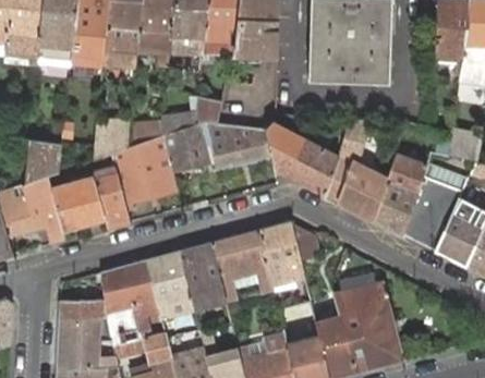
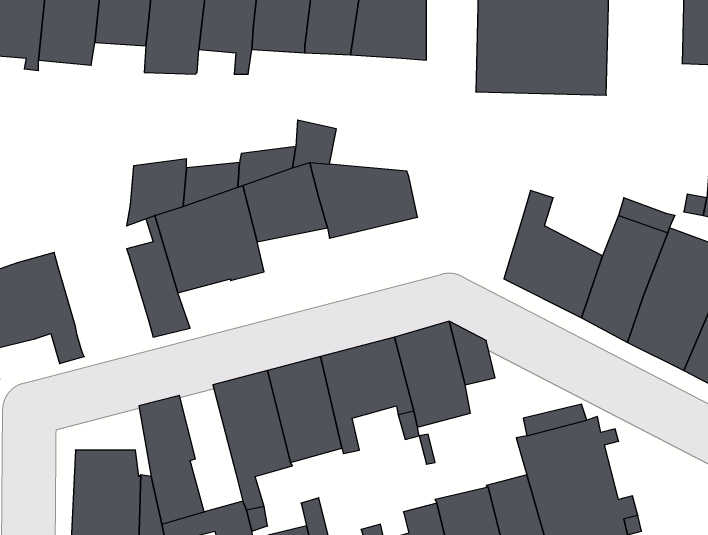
building: [265,124,337,195] -> none
building: [24,142,61,185] -> none
building: [50,180,105,230] -> none
building: [124,260,159,339] -> none

